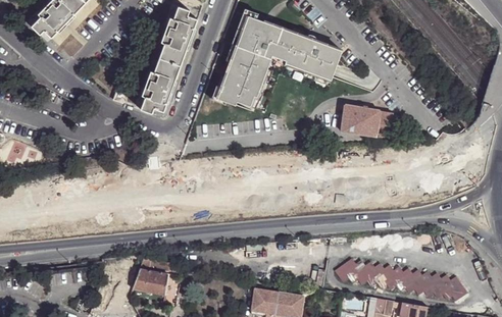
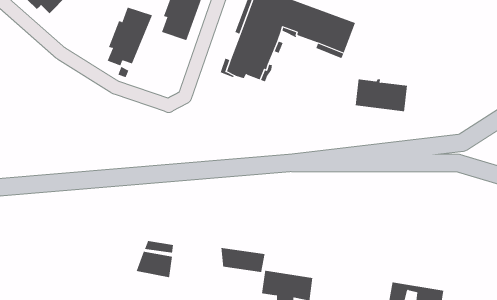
building: [137,59,181,116] -> [107,7,153,66]
building: [336,258,468,302] -> none
building: none -> [221,247,265,273]

